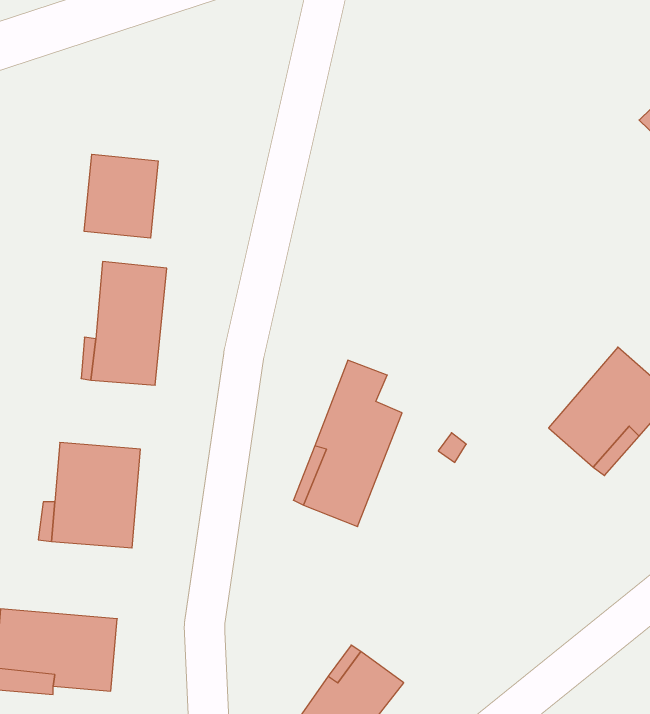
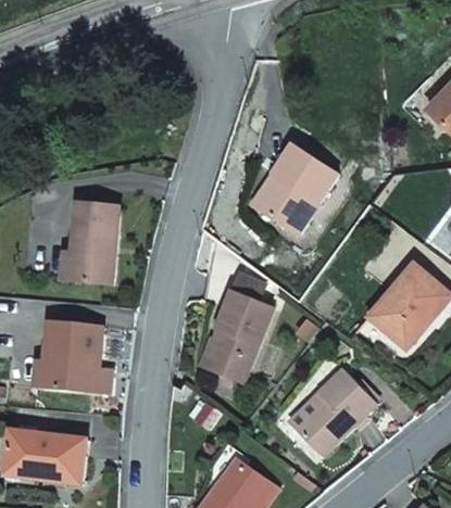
building: [84,154,158,238] -> none
building: none -> [258,141,336,231]
building: none -> [296,367,376,454]

